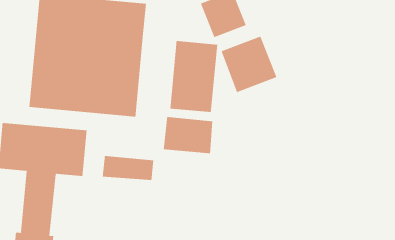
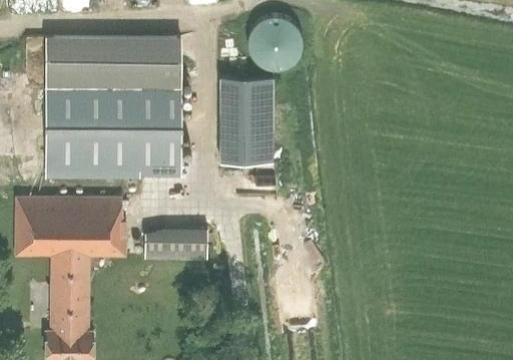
building: [220,36,277,93] -> none
building: [163,116,213,154] -> none

